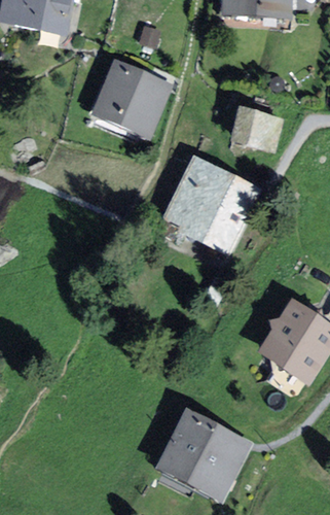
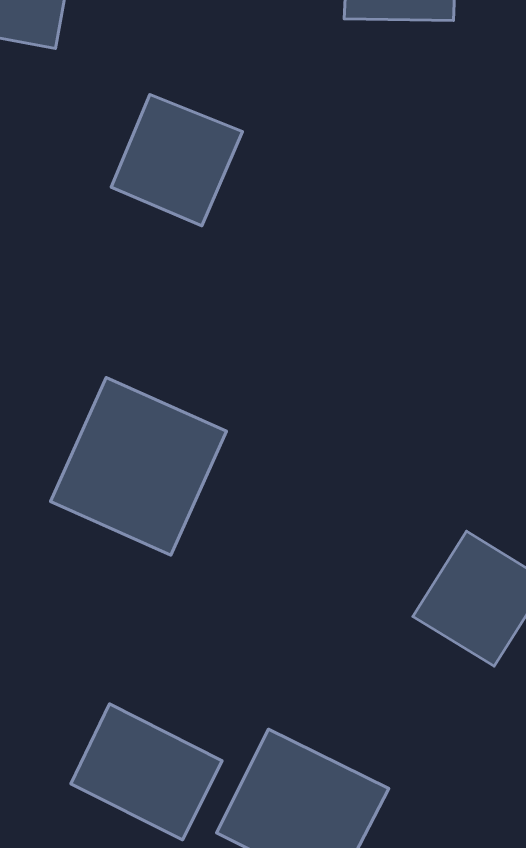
building: [228,106,283,150] -> none
building: [161,156,259,254] -> [51,377,226,555]
building: none -> [71,704,222,840]

